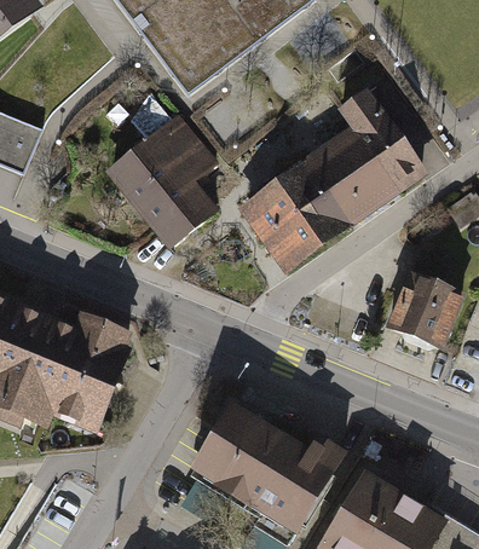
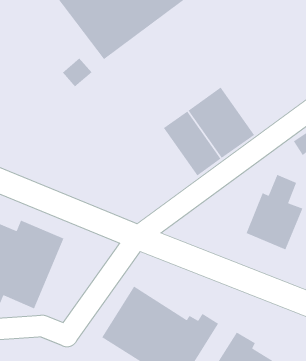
building: [335,86,428,193] -> none
building: [106,111,221,249] -> none
building: [236,184,317,274] -> none

